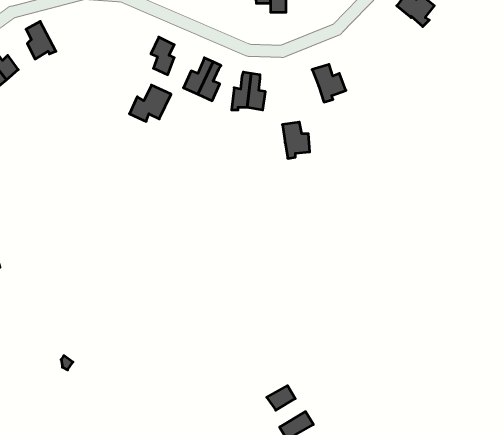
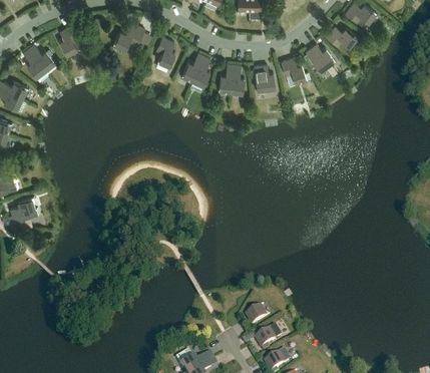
building: none -> [327,24,356,51]
building: none -> [306,42,336,71]
building: [129,85,171,121] -> [113,20,145,48]
building: [282,122,310,158] -> [254,63,275,91]

